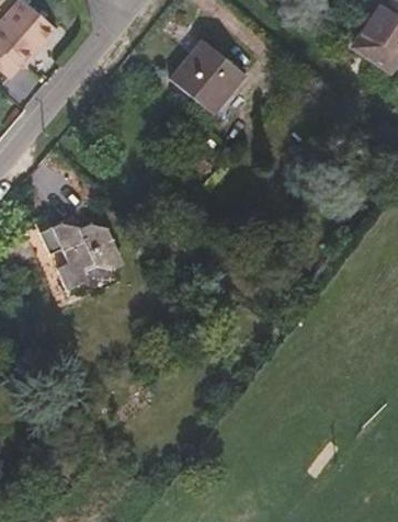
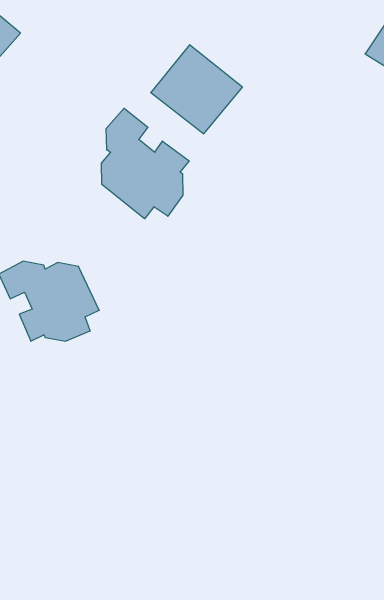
building: none -> [102,108,189,219]

